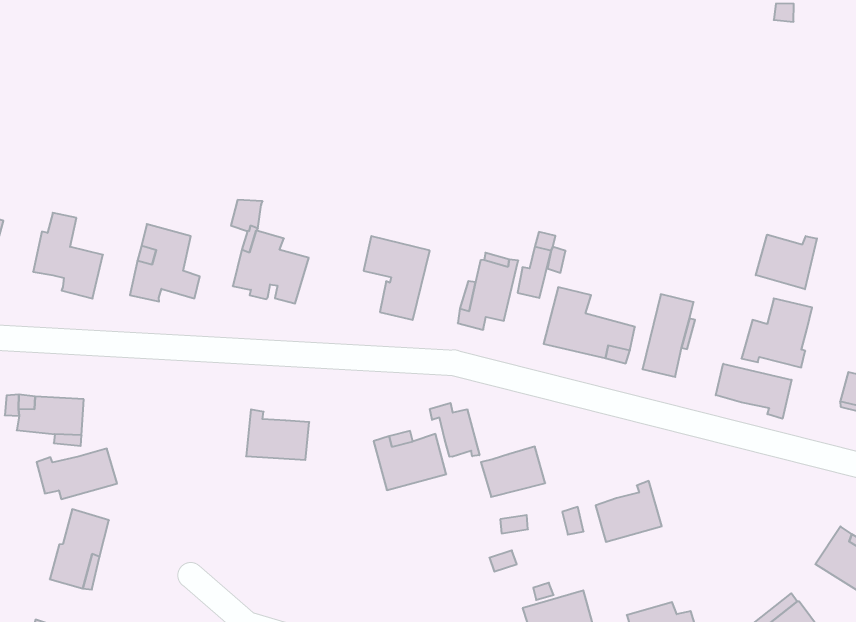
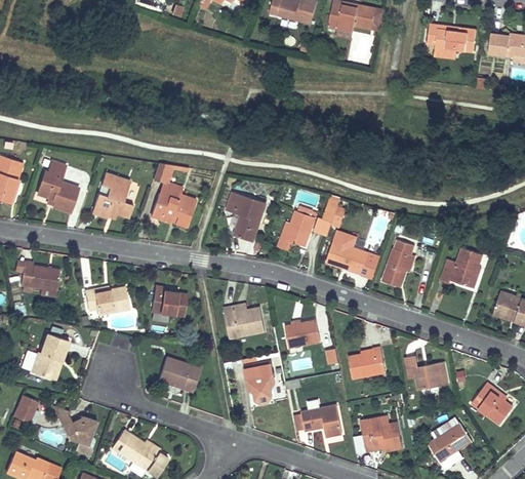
building: [756,235,817,289] -> none
building: [716,364,792,419] -> none
building: [430,403,479,457] -> none
building: [37,449,117,499] -> [84,287,129,314]
building: none -> [405,356,447,389]
building: none -> [244,361,274,400]
building: none -> [158,357,200,392]

